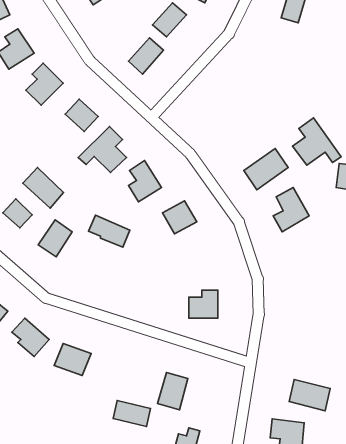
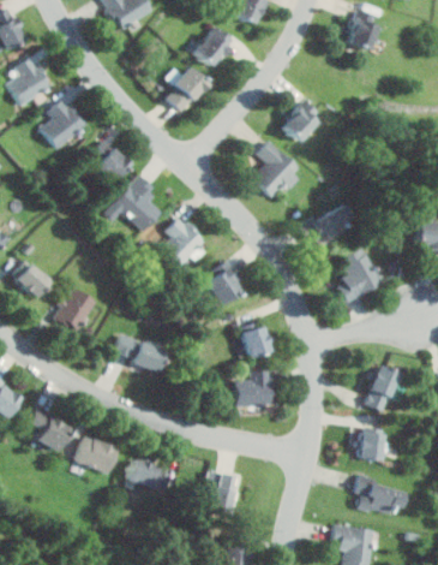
building: none -> [282,106,316,139]
building: none -> [253,141,302,195]
building: [293,118,341,165] -> none
building: [23,167,64,208] -> none
building: [89,215,130,247] -> [115,333,164,371]
building: none -> [242,326,270,357]
building: none -> [364,365,398,412]
building: none -> [360,432,383,459]
building: [113,400,150,427] -> [126,459,170,490]

